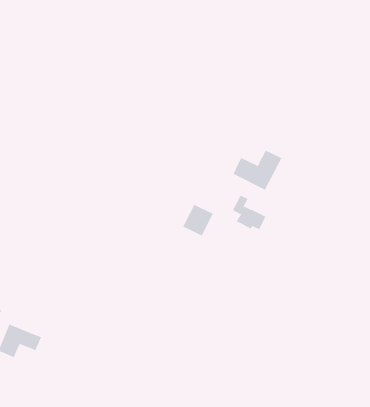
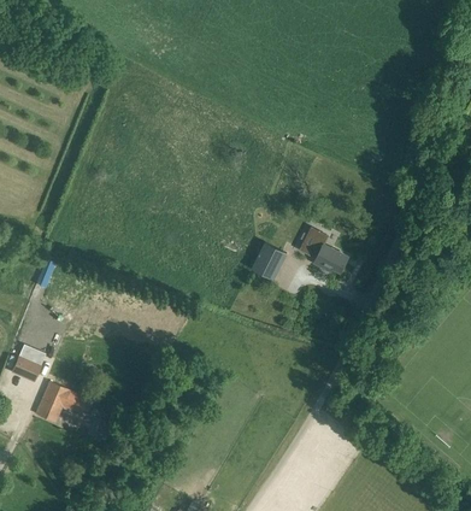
building: [233,150,282,190] -> none

